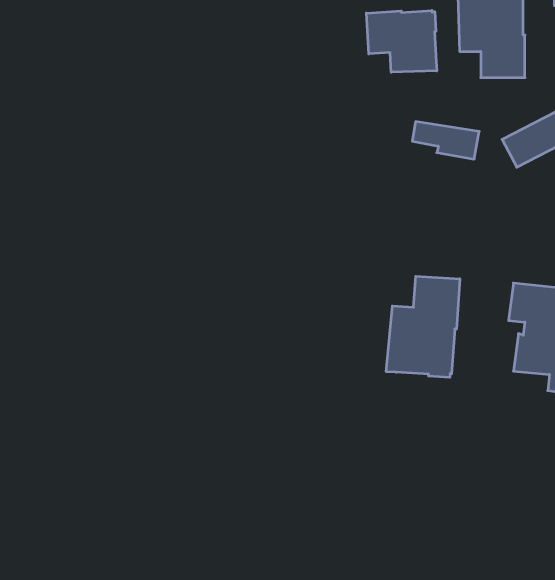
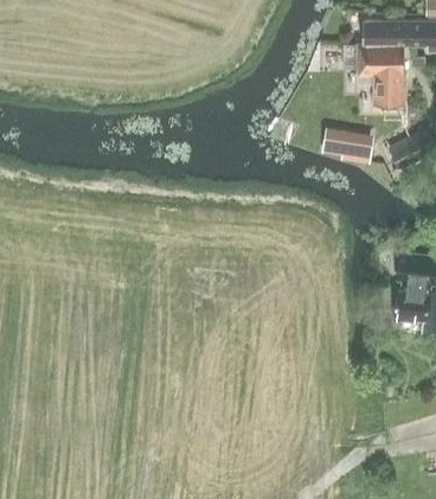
building: [366,10,437,72] -> none
building: [386,276,460,377] -> none

